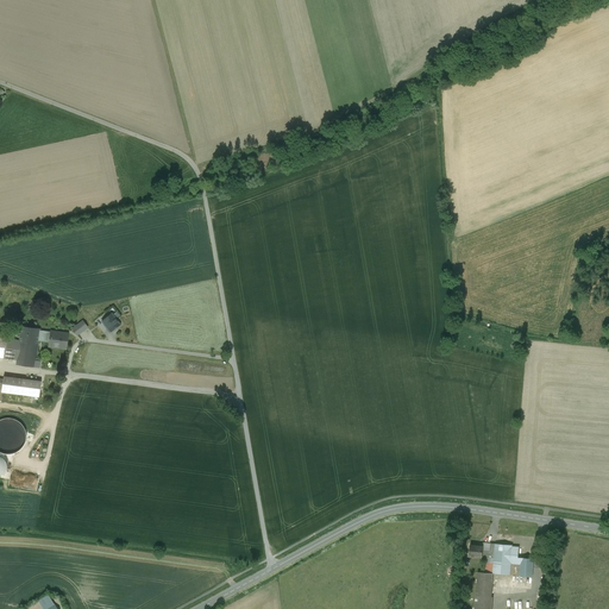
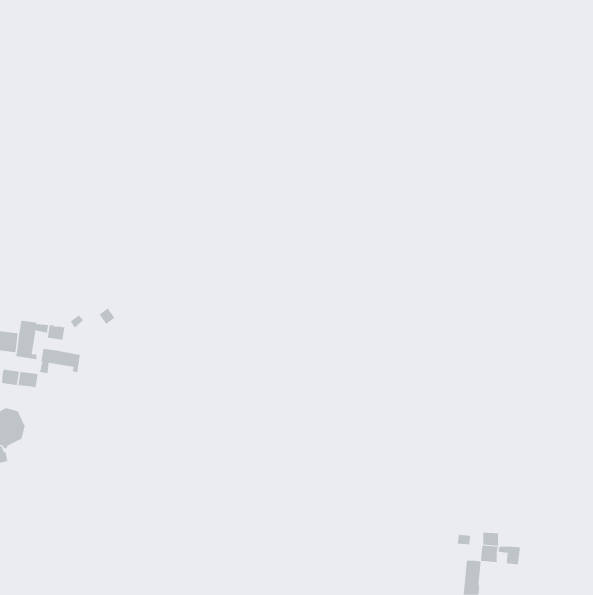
building: none -> [40,348,81,374]

